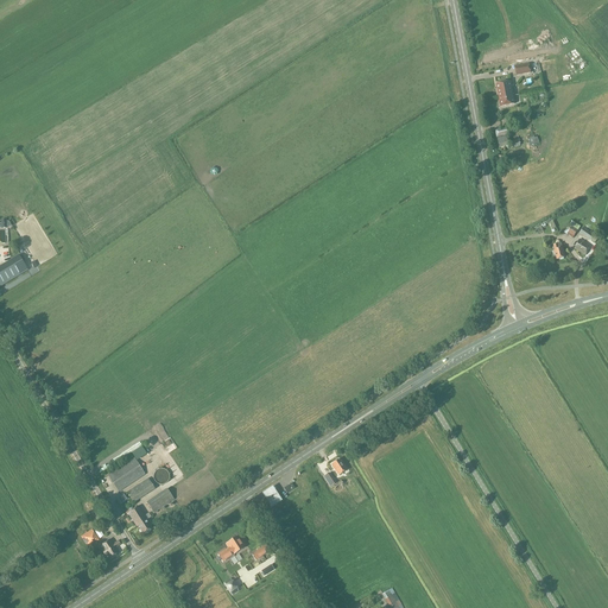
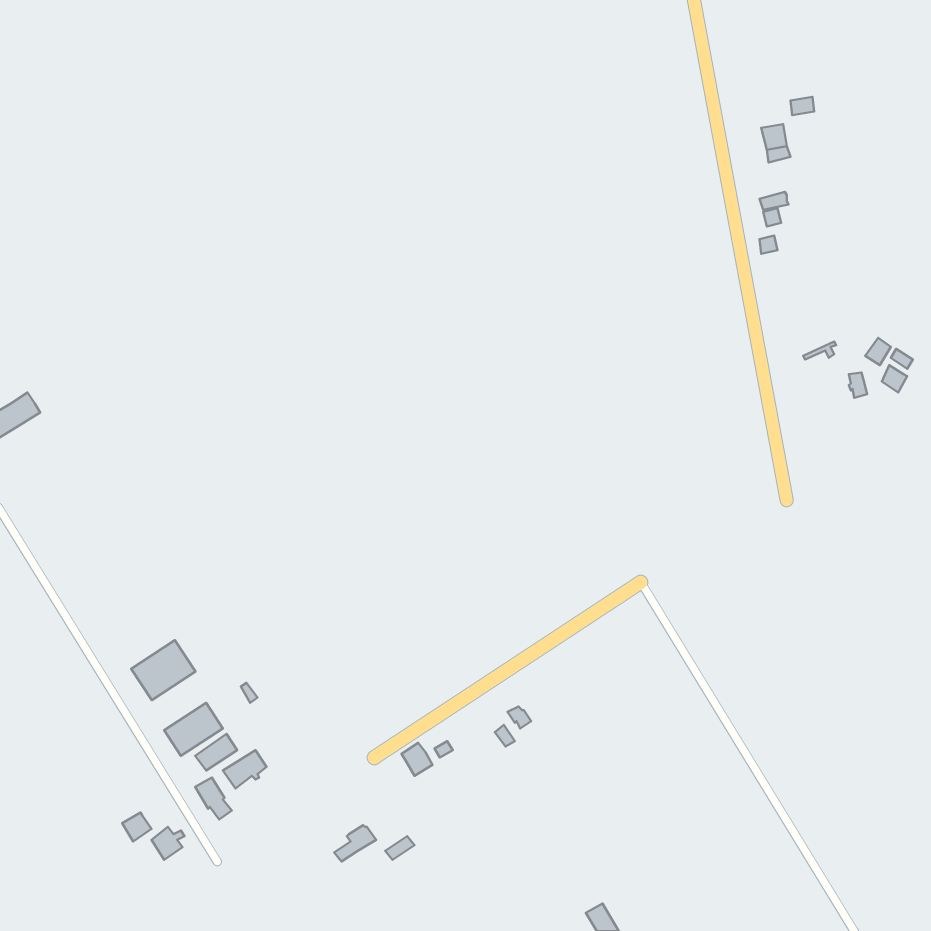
building: none -> [131,640,196,700]

